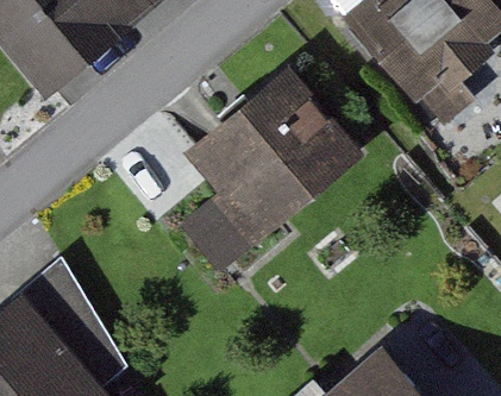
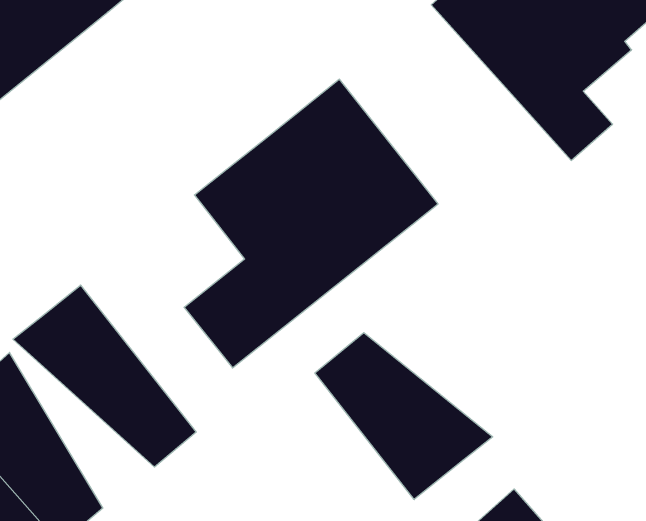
building: none -> [13,285,196,467]
building: none -> [315,333,493,500]

